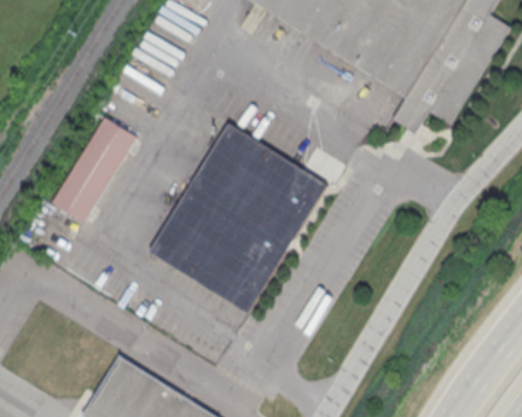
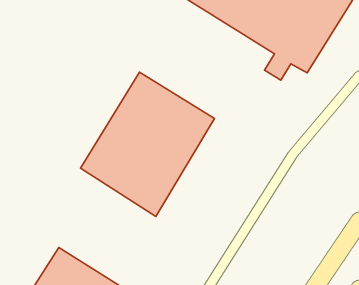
building: [51,115,137,221] -> none

